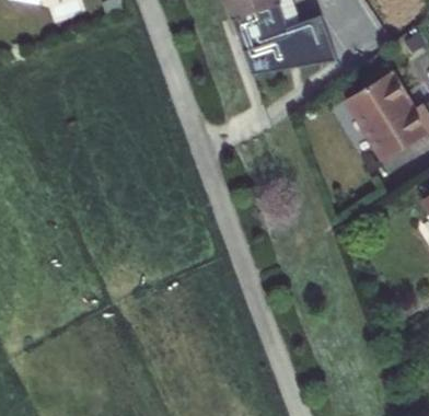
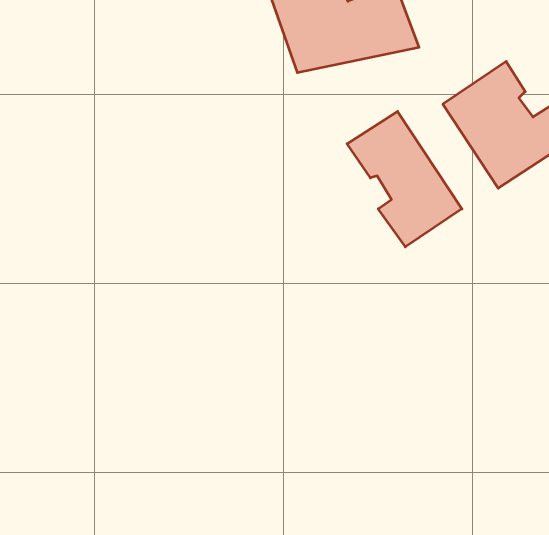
building: none -> [347,111,462,247]

